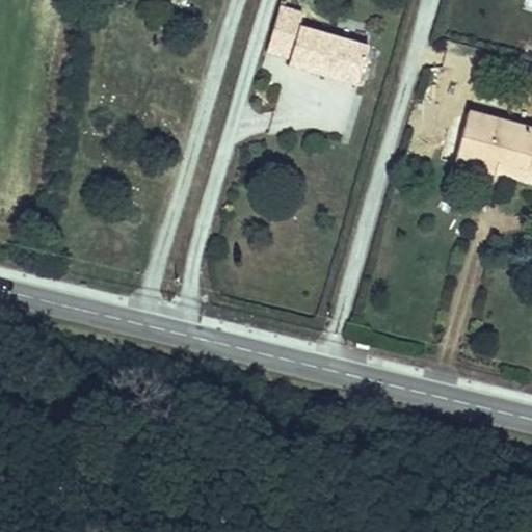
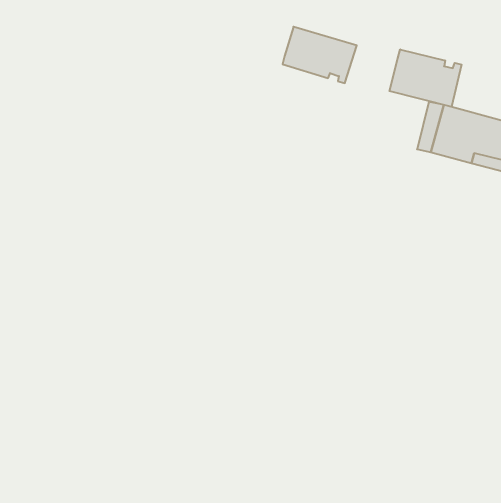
building: [268,6,316,59] -> none
building: none -> [389,49,462,107]

